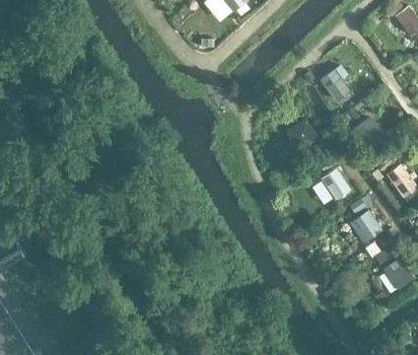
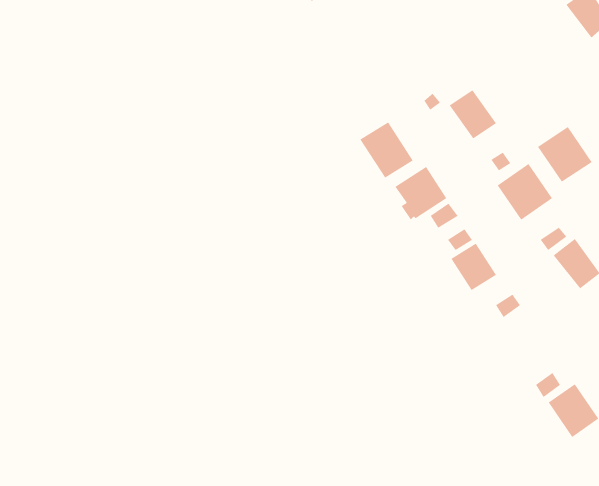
building: none -> [360,122,414,179]
building: none -> [537,126,593,183]
building: [349,210,382,243] -> none

